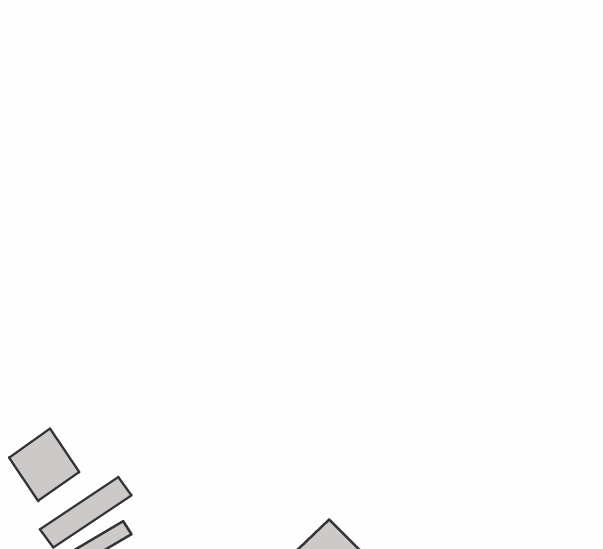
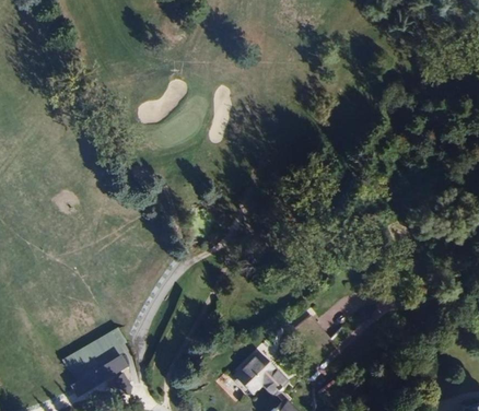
building: [9,429,79,501] -> none

